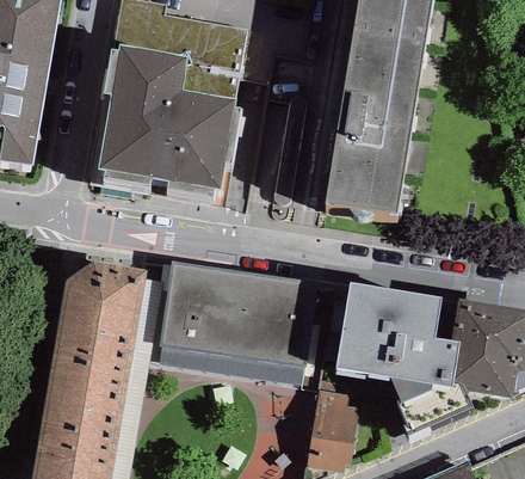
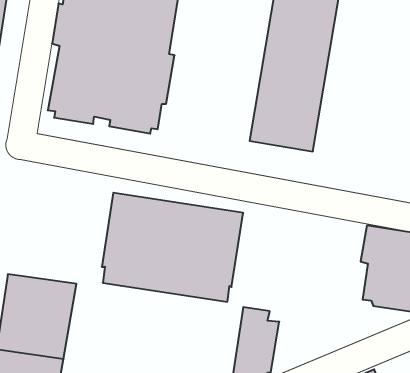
building: [51,262,146,366] -> none
building: [335,282,471,434] -> none

